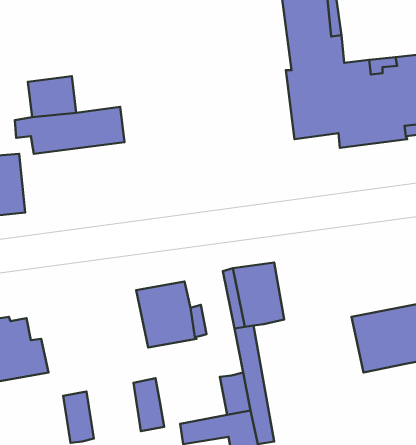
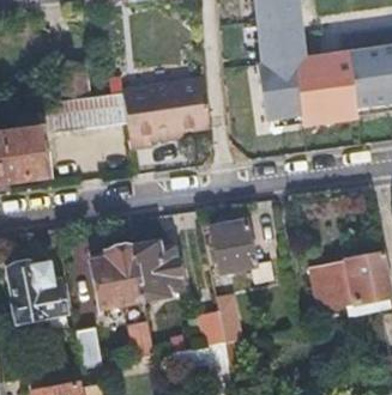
building: none -> [122,79,210,147]
building: none -> [84,243,145,299]

